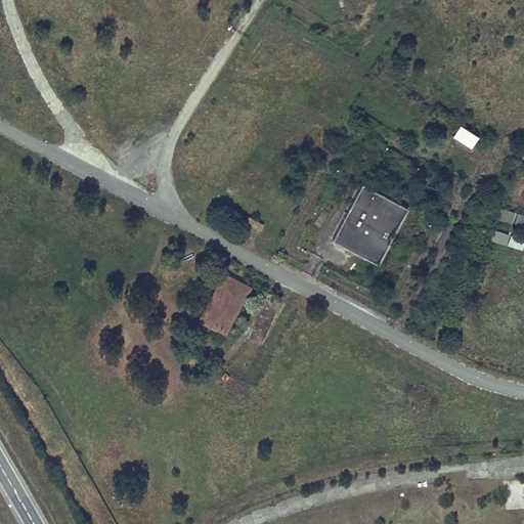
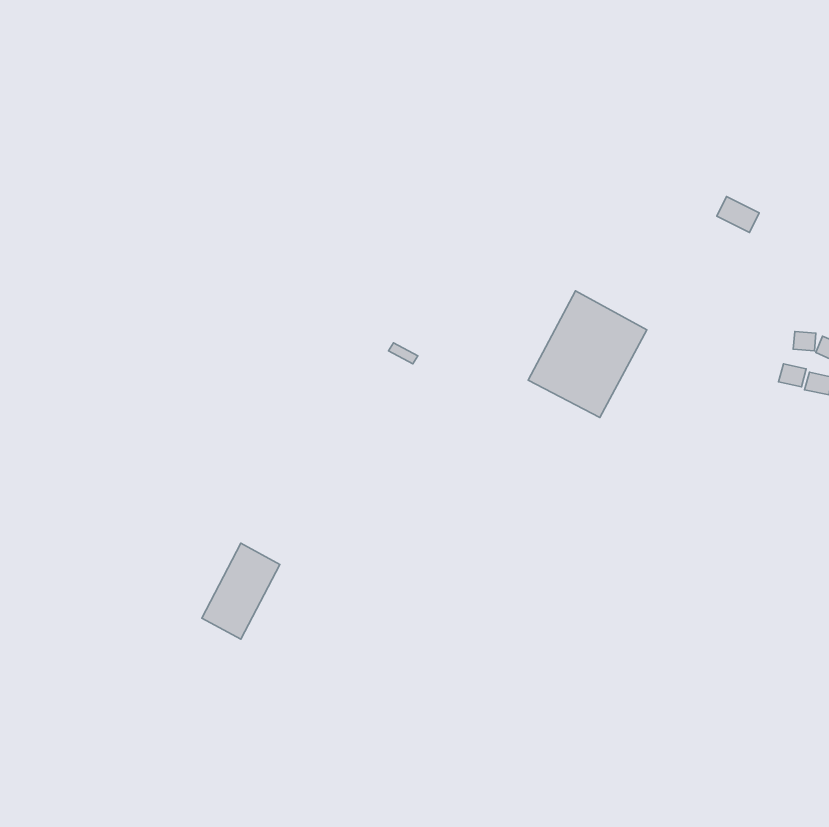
building: [201,275,250,336] -> [202,543,280,639]

